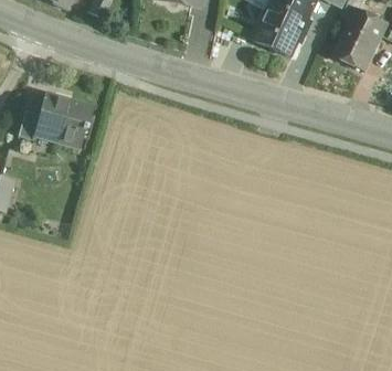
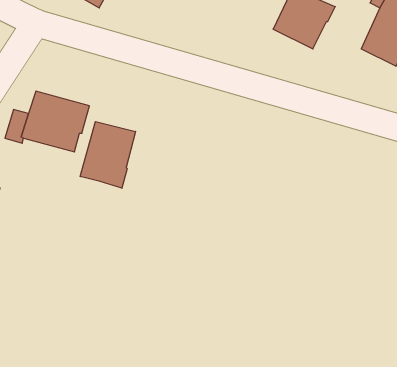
building: none -> [80,122,136,188]

